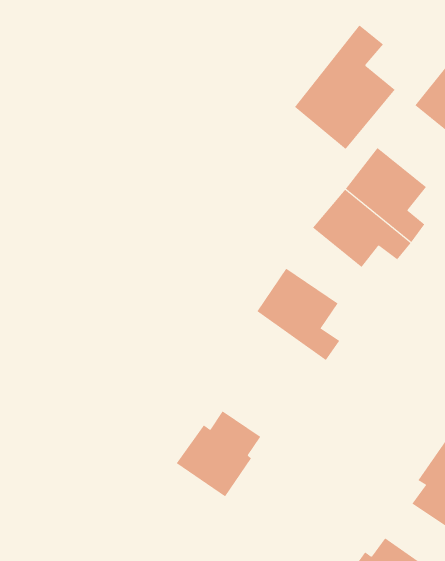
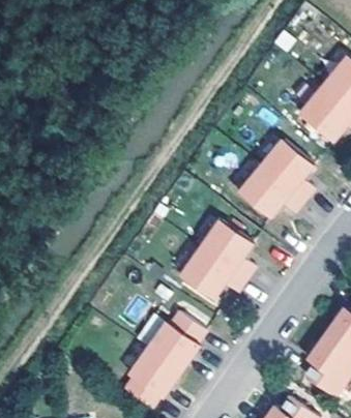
building: [294,24,396,150] -> none
building: none -> [179,248,245,300]
building: none -> [122,350,178,409]

